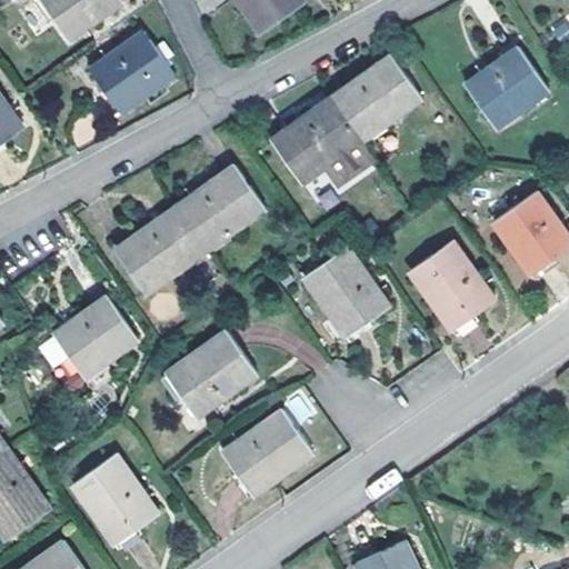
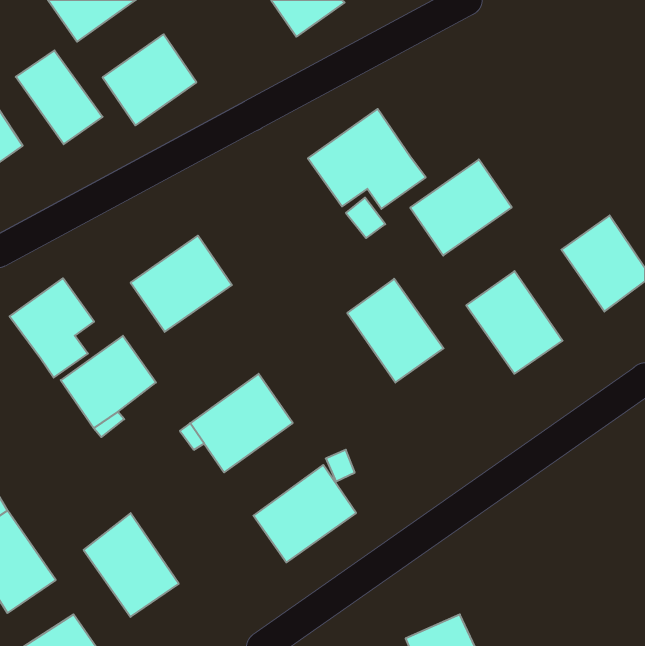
building: none -> [16,50,103,144]
building: [465,46,548,128] -> none
building: [331,54,420,139] -> [410,159,512,256]
building: [173,164,266,251] -> none
building: none -> [10,278,94,378]

